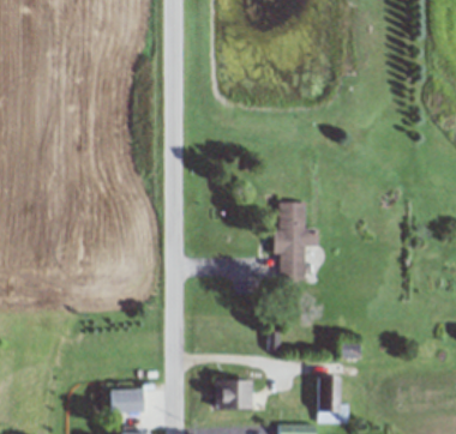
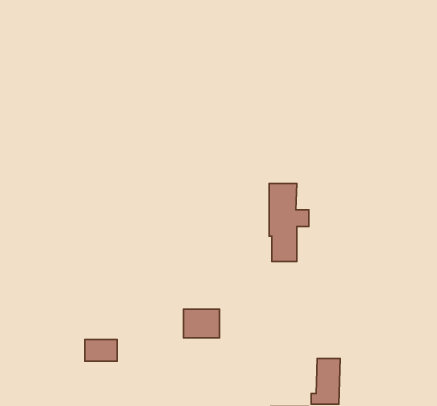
building: [216,380,252,409] -> [183,309,219,338]
building: [110,390,143,411] -> [85,340,117,361]

